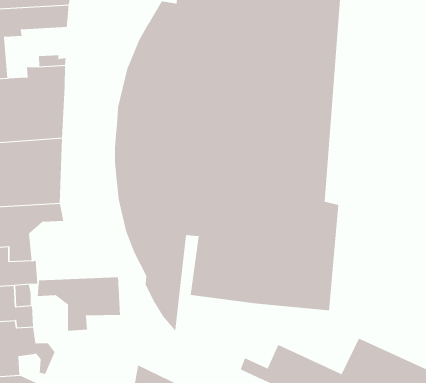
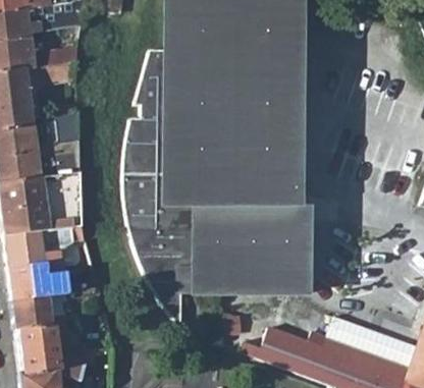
building: [37,276,121,332] -> none

